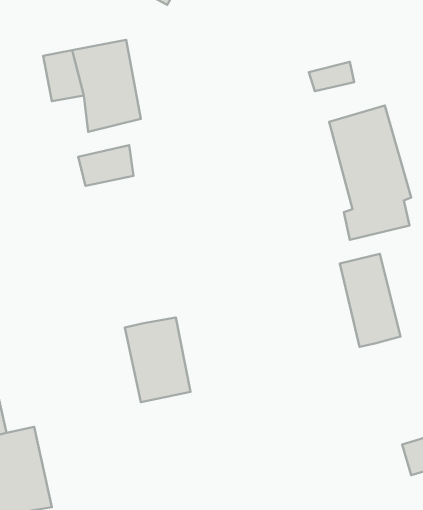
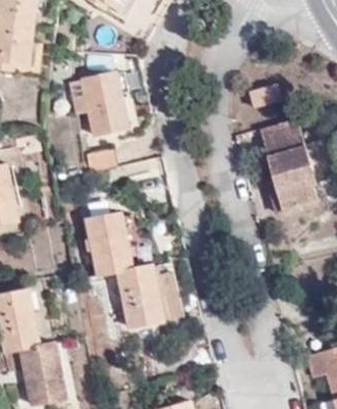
building: none -> [85,212,132,275]
building: [340,254,400,347] -> none

